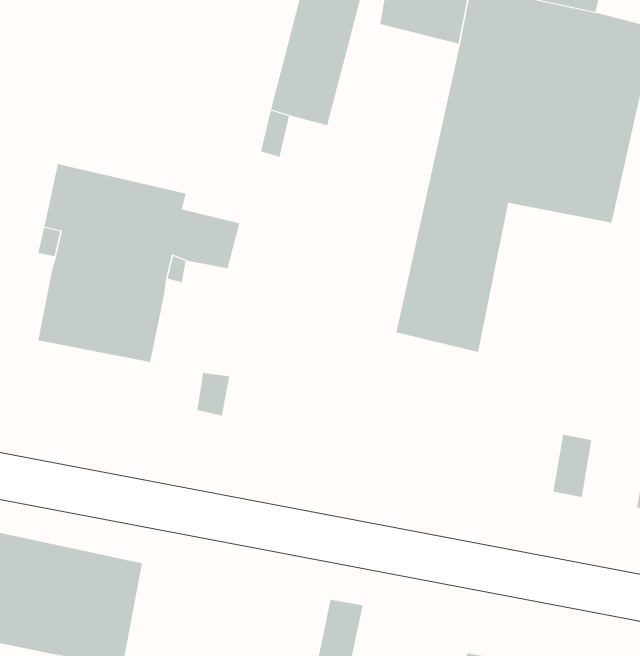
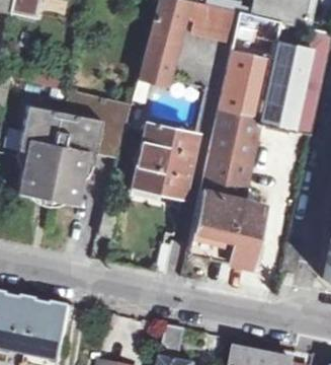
building: none -> [137,123,198,192]
building: none -> [187,190,265,265]

